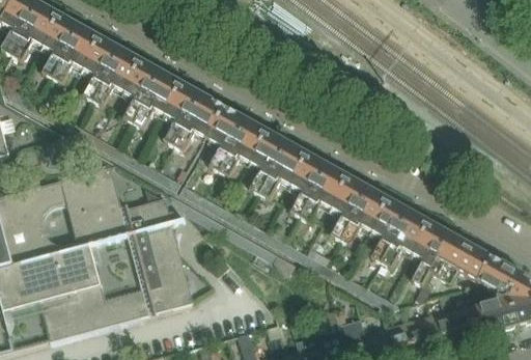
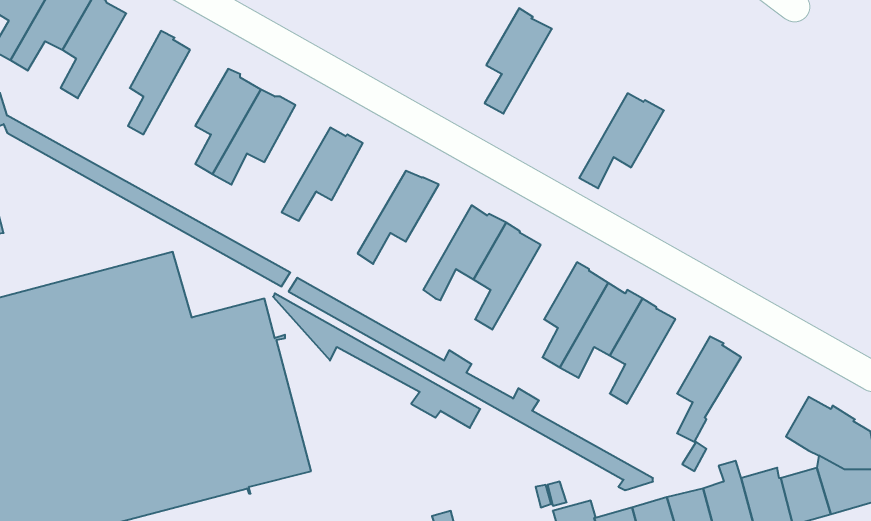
building: [53,26,103,83] -> none
building: [92,48,143,106] -> none
building: [164,81,204,145] -> none
building: [208,106,250,170] -> none
building: [249,129,289,192] -> [485,8,552,114]
building: [302,165,353,222] -> [579,93,664,188]
building: [383,210,432,267] -> none
building: [429,232,492,281] -> none

